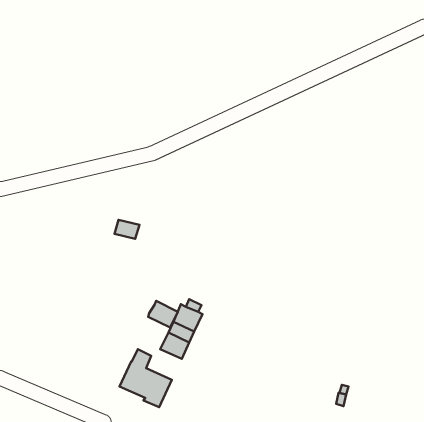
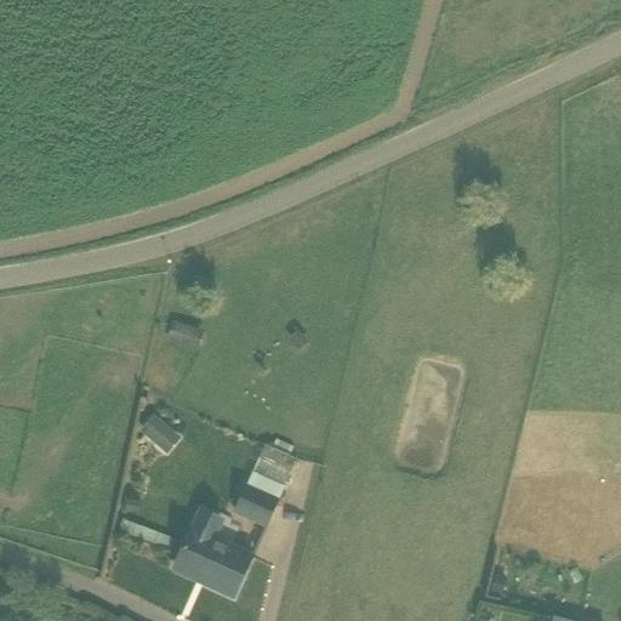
building: none -> [141,415,182,455]
building: [148,301,178,327] -> none

